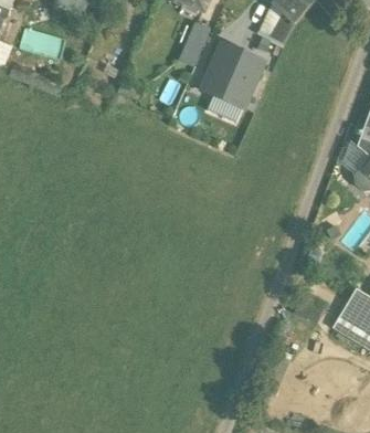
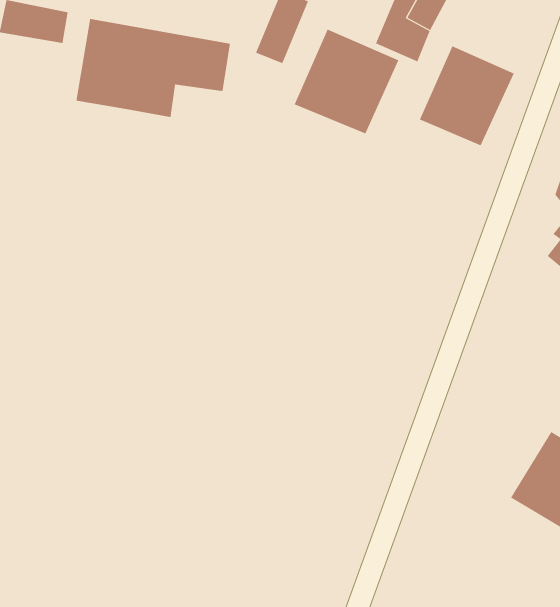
building: none -> [76,18,231,118]
building: none -> [419,46,515,146]

